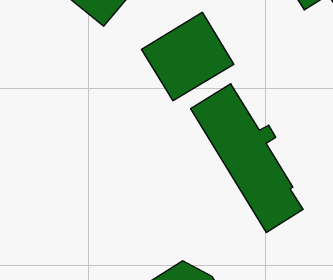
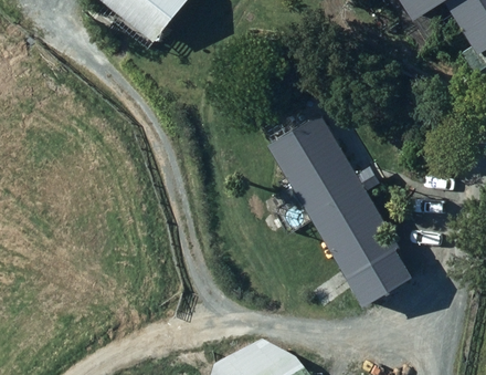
building: [141,12,234,101] -> none

